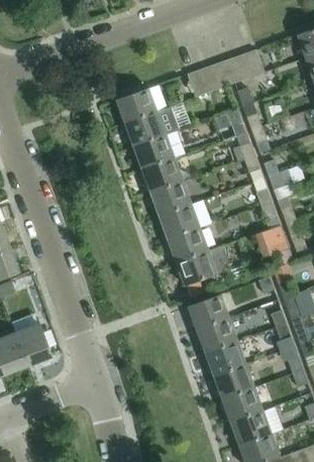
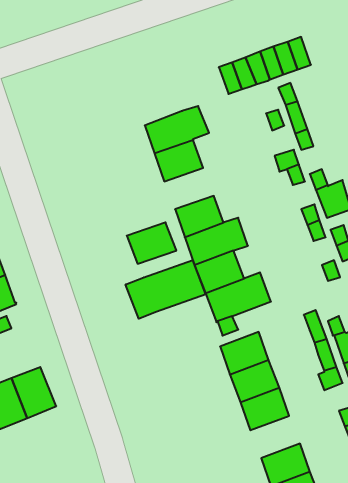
building: [116,87,156,122] -> none
building: [141,157,183,192] -> [127,222,176,264]
building: none -> [126,260,206,319]
building: [213,363,254,398] -> none

